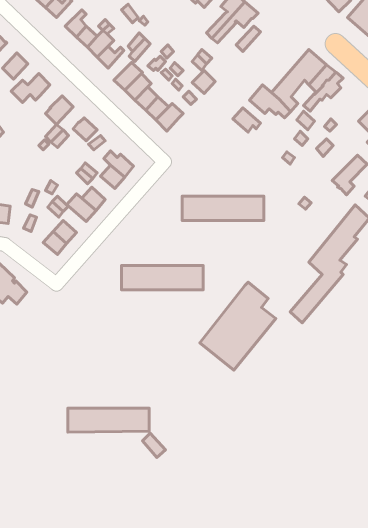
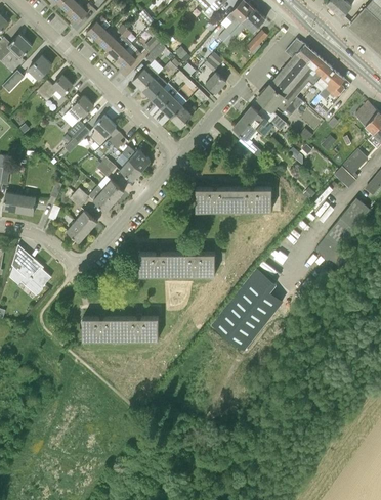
building: none -> [269,38,312,92]
building: none -> [232,117,264,160]
building: [68,408,149,432] -> [82,317,158,339]

